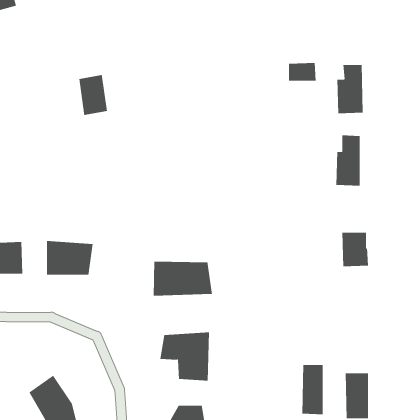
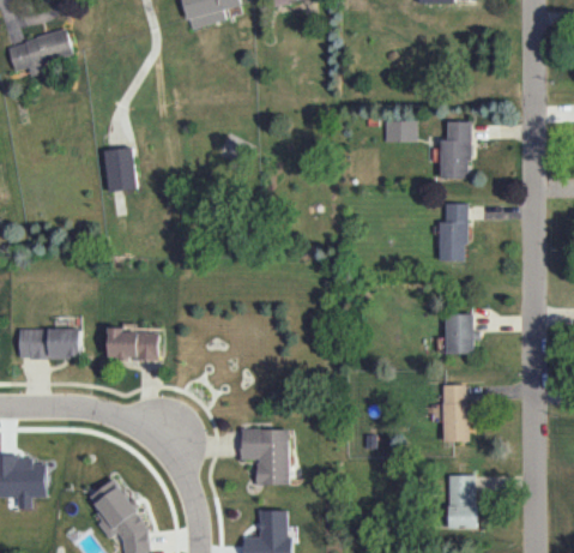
building: [78,75,108,115] -> [102,145,135,192]
building: [153,261,212,296] -> none
building: [301,364,323,415] -> [442,384,467,441]

